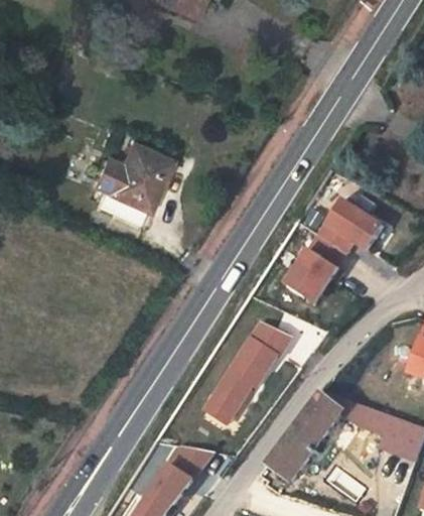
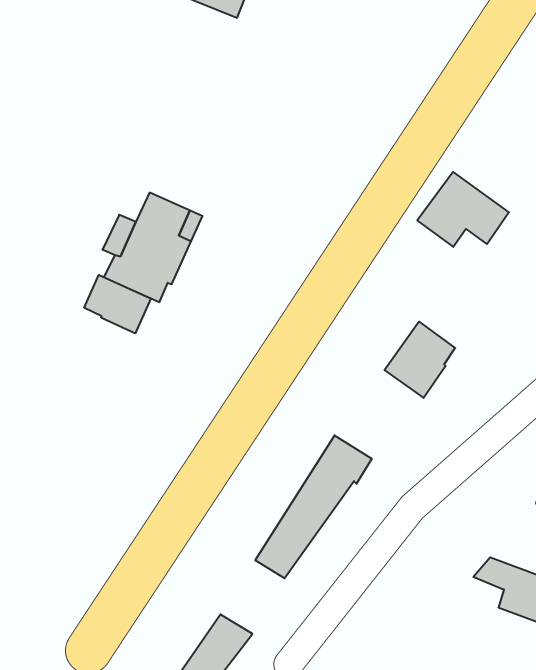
building: [322,202,389,256] -> [417,172,509,247]
building: none -> [84,275,151,333]
building: [266,390,374,480] -> none

